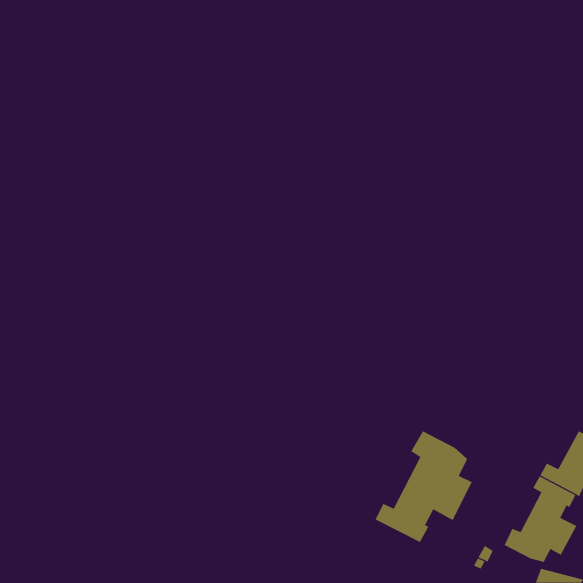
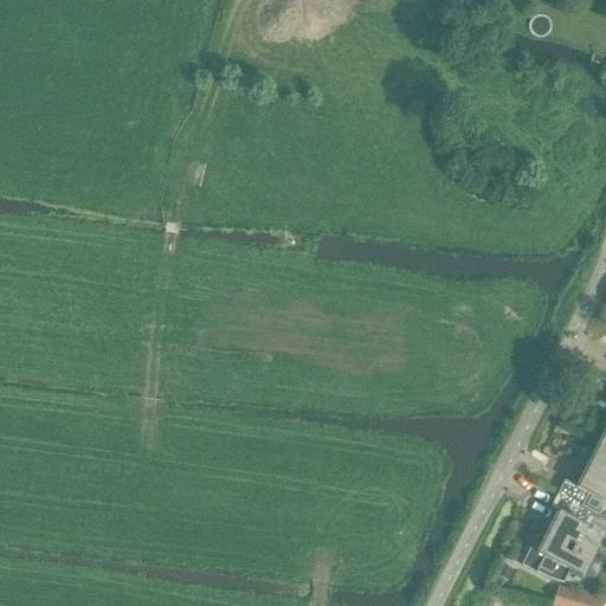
building: [375,430,473,543] -> none

